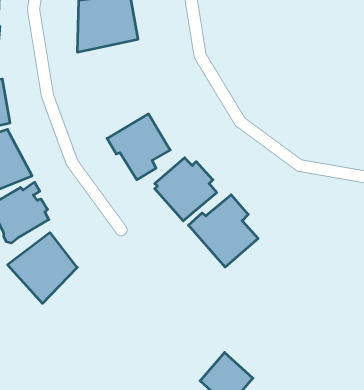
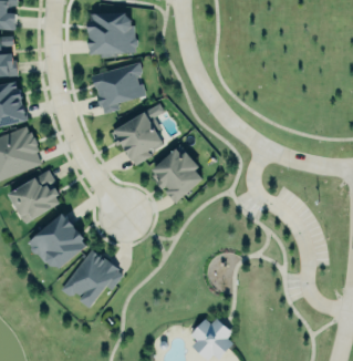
building: none -> [91,61,145,115]
building: [188,195,258,267] -> none
building: none -> [62,249,124,309]

